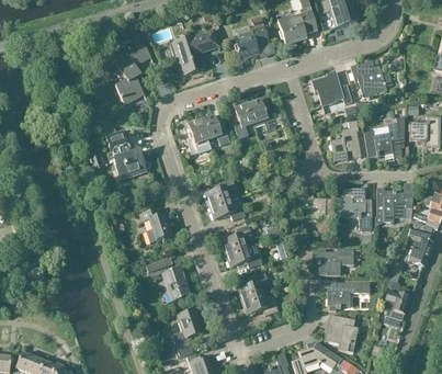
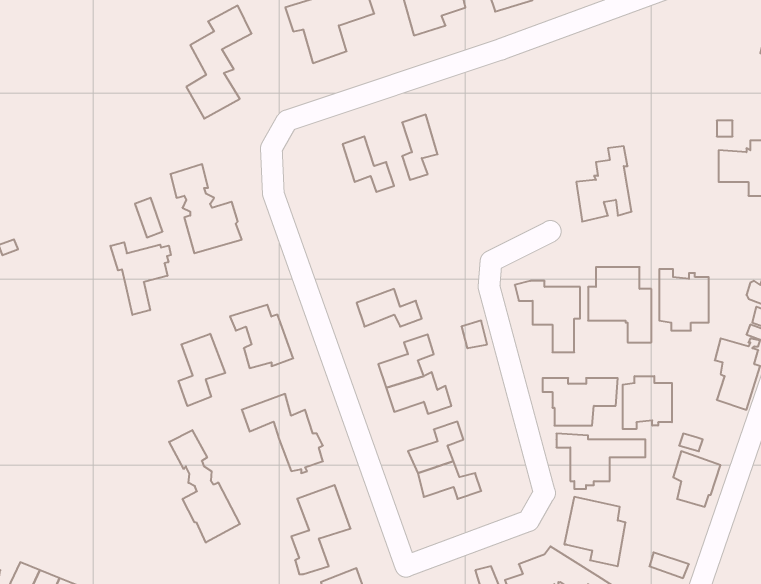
building: [356,60,392,99] -> none
building: [310,71,352,109] -> none
building: [247,99,275,131] -> none
building: [363,116,404,158] -> none
building: [186,120,207,156] -> none
building: none -> [110,242,171,315]
building: [204,178,235,207] -> none
building: none -> [178,334,225,406]
building: none -> [623,376,672,429]
building: none -> [169,430,240,543]

